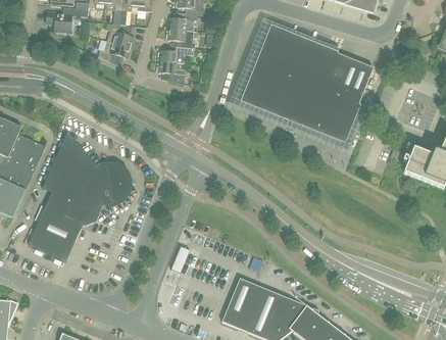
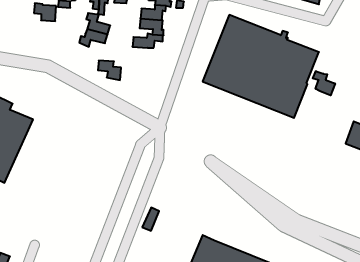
building: [158,60,185,83] -> [98,61,121,80]
building: none -> [313,71,335,95]
building: [29,131,129,260] -> none

